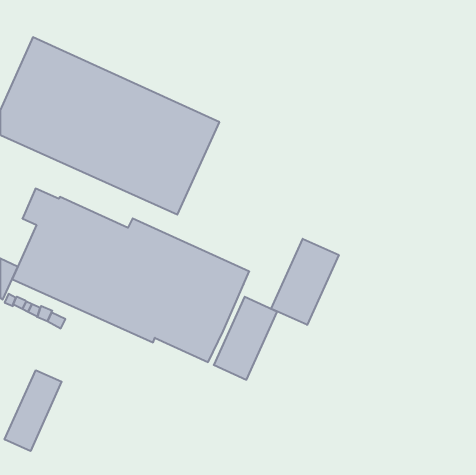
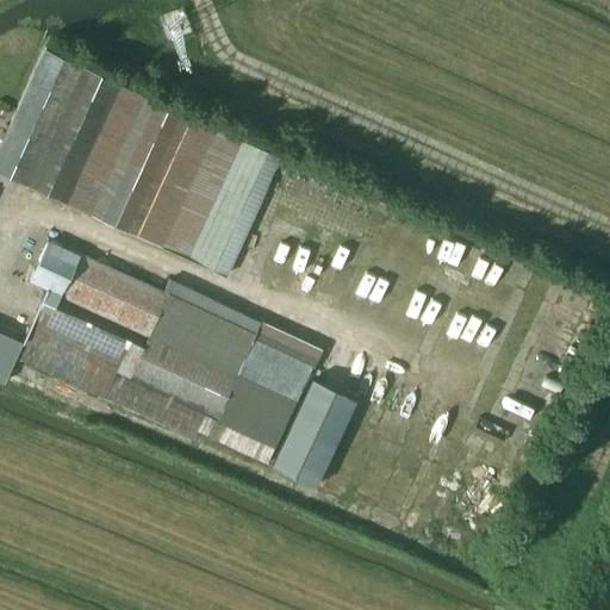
building: [271,239,339,325] -> none
building: [5,370,62,451] -> none

